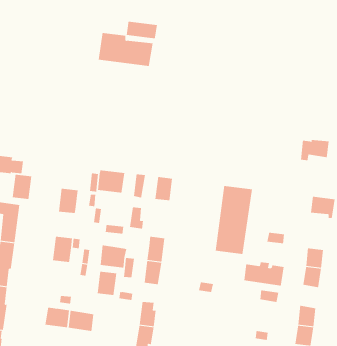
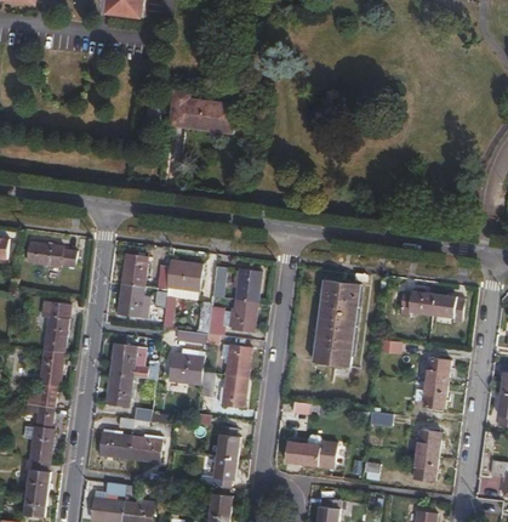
building: [126,21,157,39] -> none
building: [300,139,329,161] -> [398,291,434,318]
building: [12,174,32,200] -> [121,255,147,286]
building: none -> [234,297,257,329]
building: [244,262,284,286] -> [286,438,337,469]
building: [97,271,117,296] -> [107,374,132,404]

